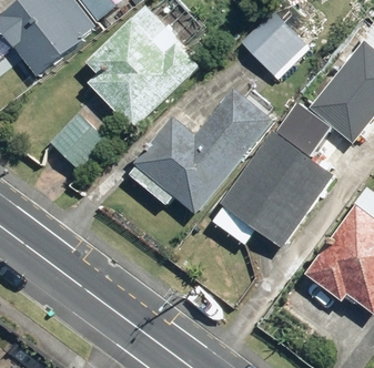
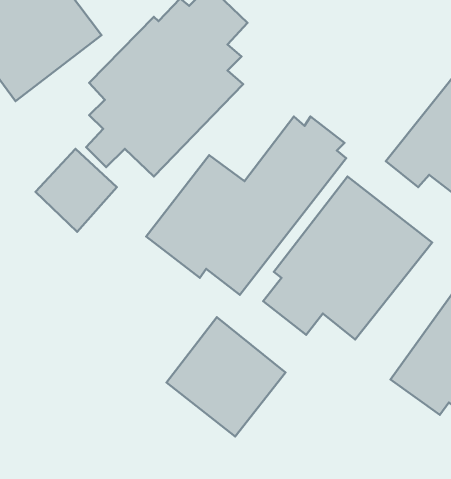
building: [240,11,302,73] -> none
building: none -> [166,317,286,436]

